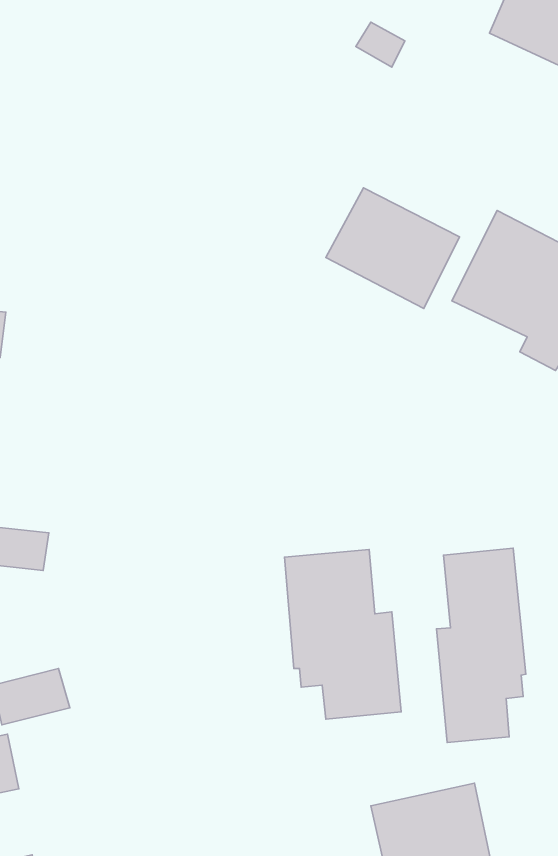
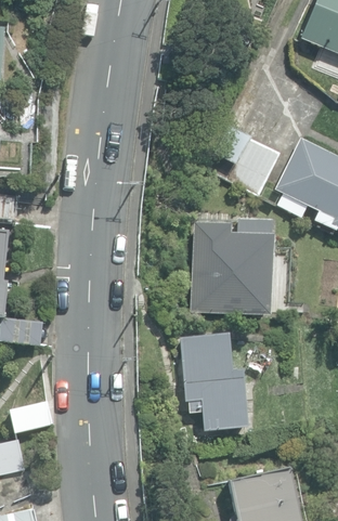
building: none -> [191,219,272,314]
building: [437,548,526,742] -> none

